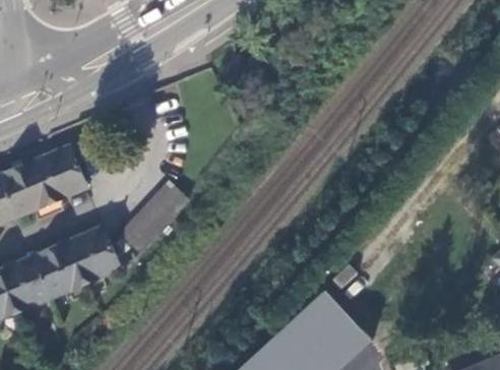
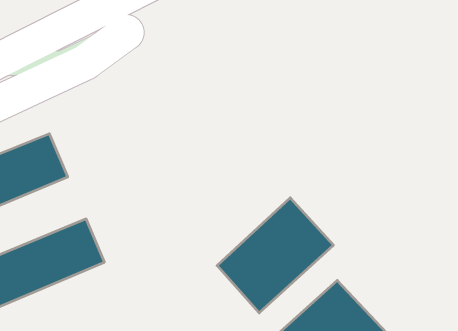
building: [121,172,197,252] -> none
building: none -> [217,198,333,313]

